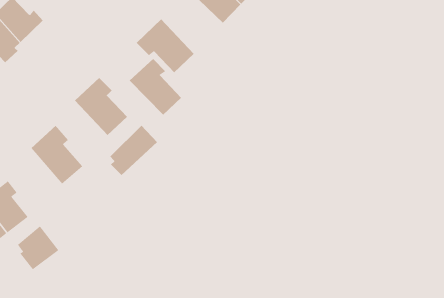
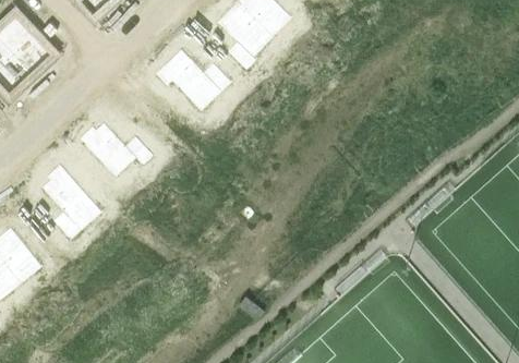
building: [129,58,182,115] -> none
building: [109,125,158,176] -> none
building: [17,225,59,270] -> none

